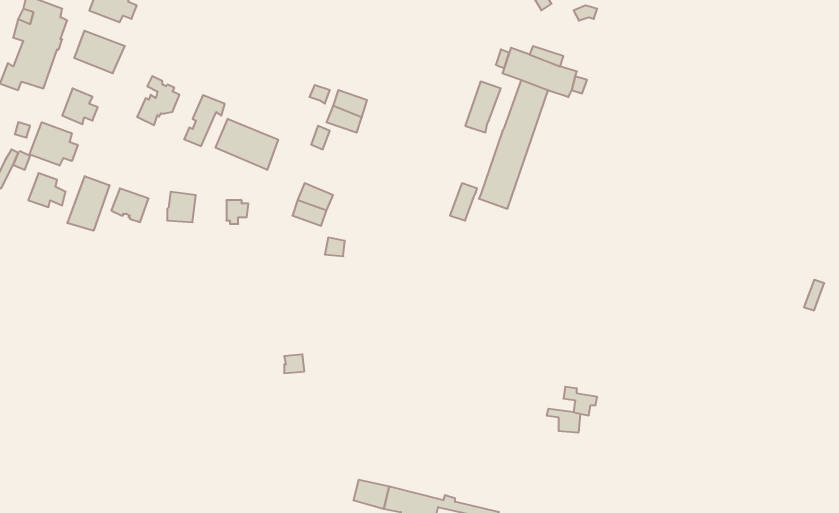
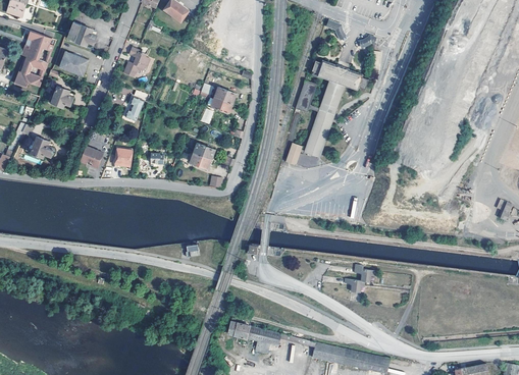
building: [137,76,179,125] -> [122,47,148,76]
building: [216,119,278,170] -> none
building: [30,122,78,166] -> none
building: [67,176,109,231] -> none

